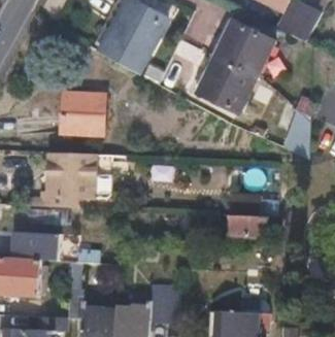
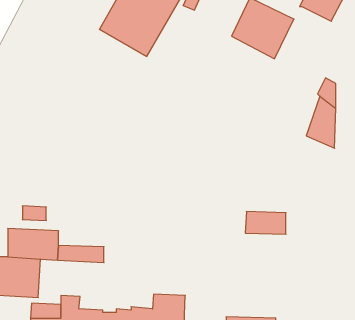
building: [200,57,257,112] -> none
building: [52,86,95,133] -> none
building: [44,153,96,209] -> none

